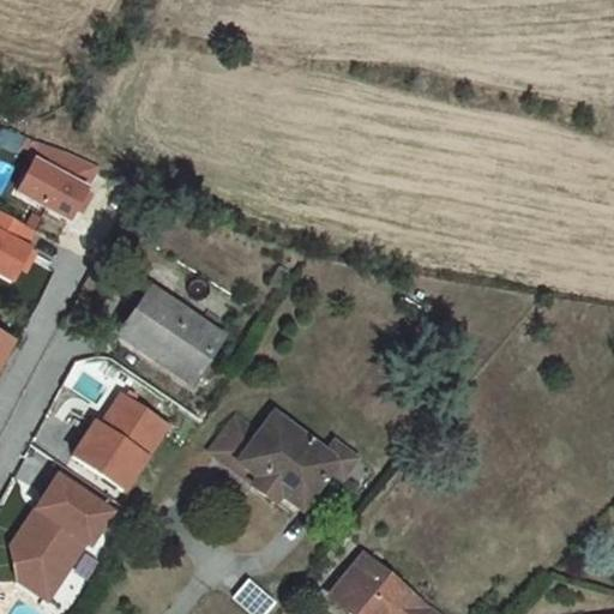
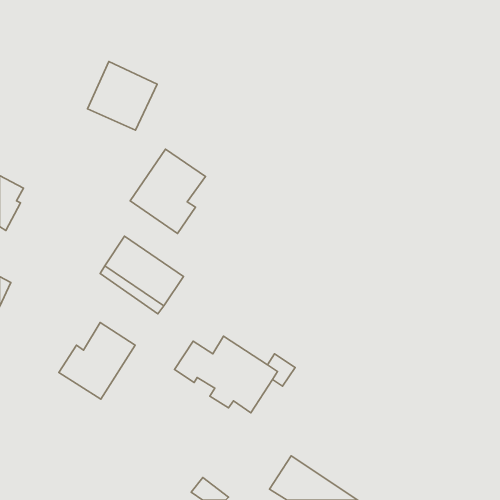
building: [16,142,101,225] -> [87,62,157,130]
building: none -> [130,149,206,234]
building: [14,481,107,594] -> none

